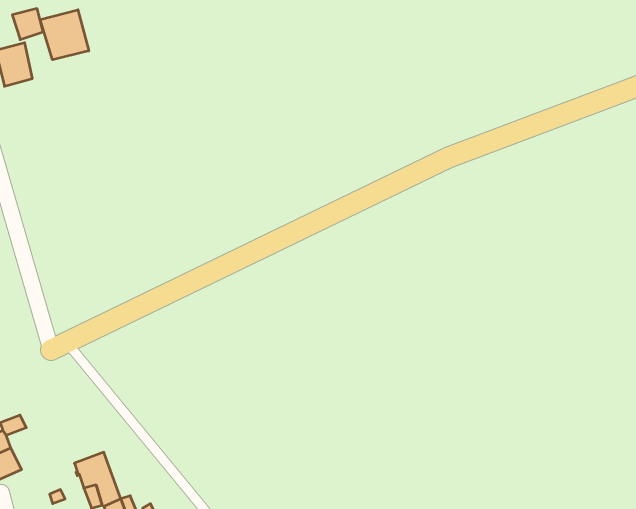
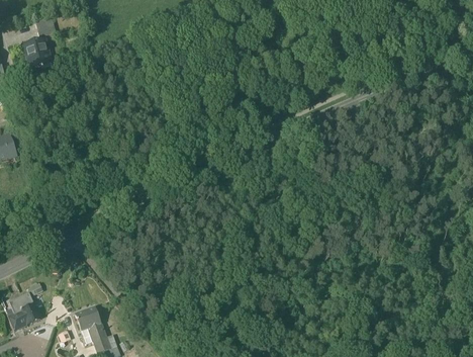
building: [40,10,89,60] -> none

